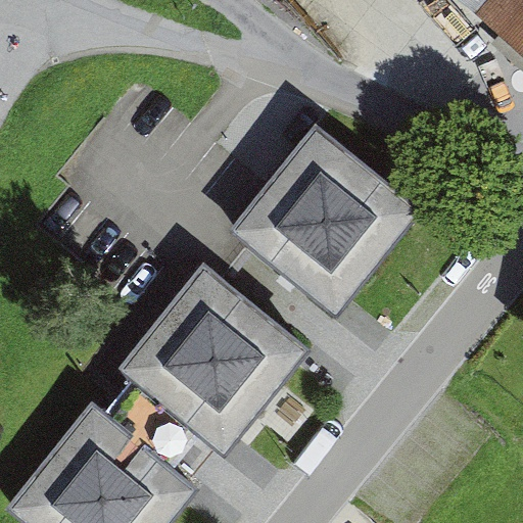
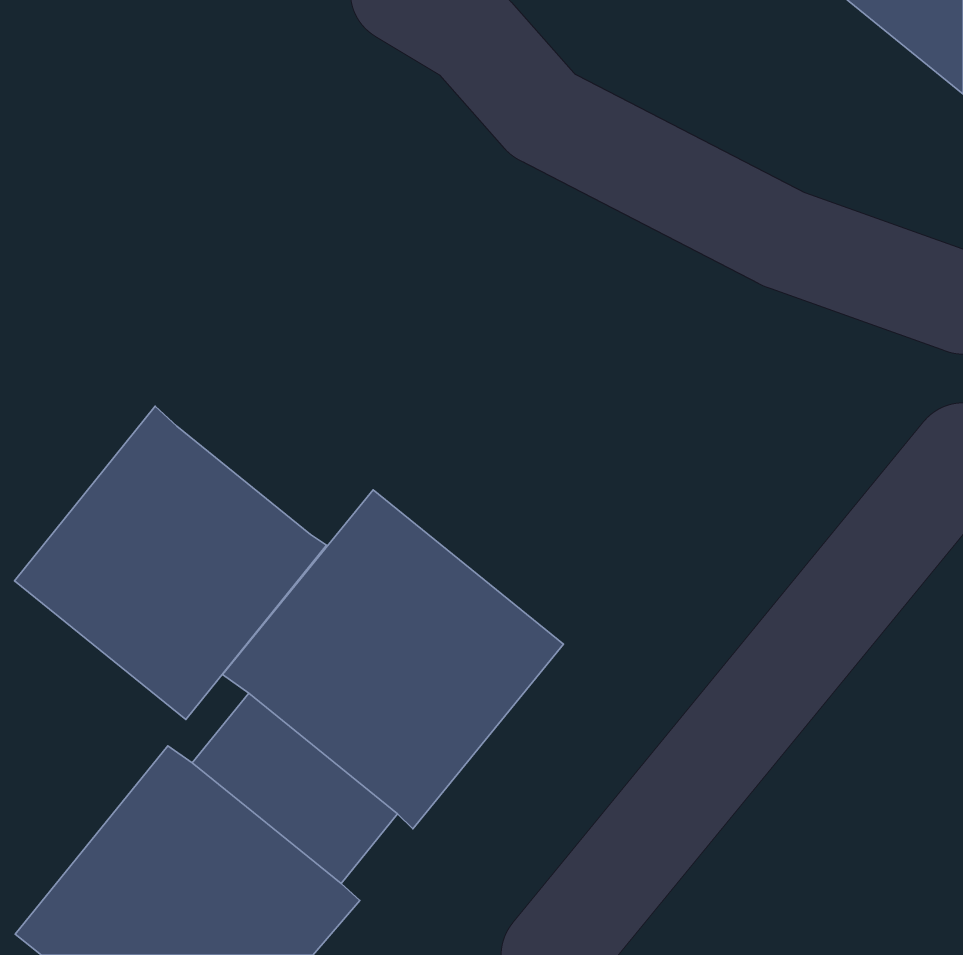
building: [234,129,418,312] -> none
building: none -> [15,406,327,719]

